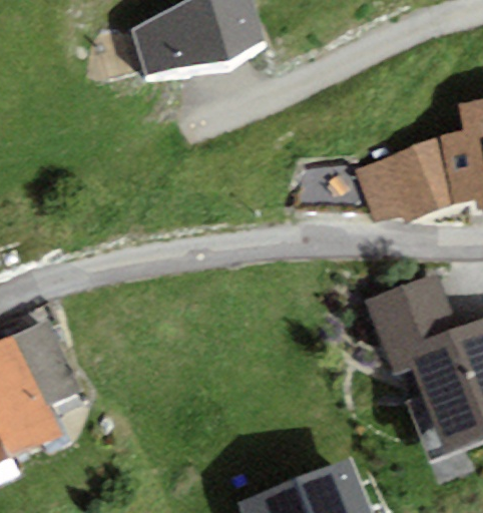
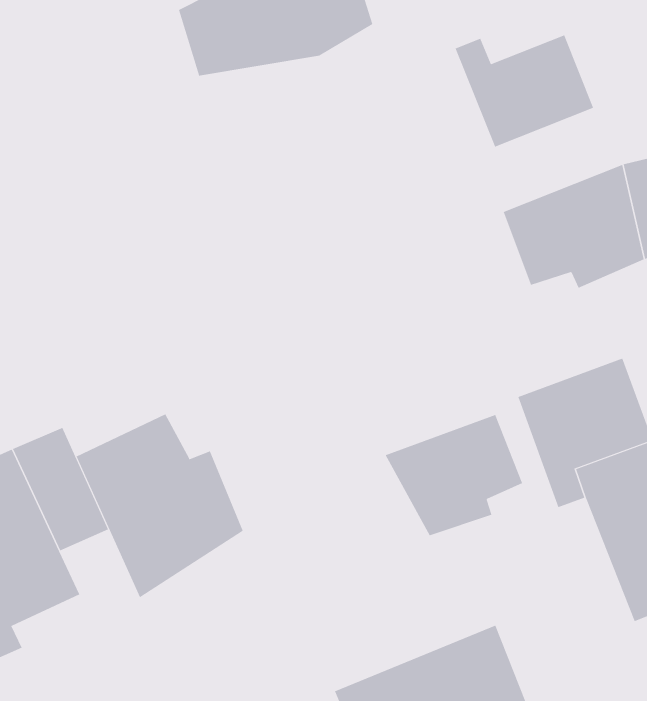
building: none -> [455,34,594,148]
building: none -> [76,413,243,598]
building: none -> [385,414,523,536]

